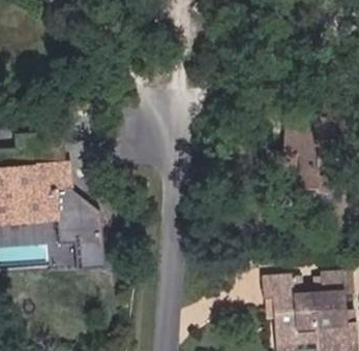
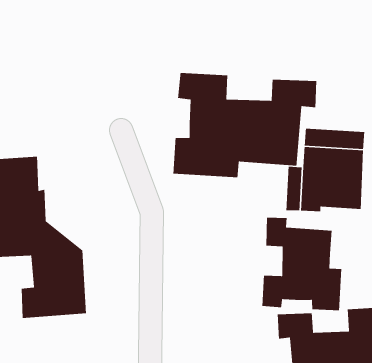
building: none -> [173,72,317,178]
building: none -> [261,217,342,311]

